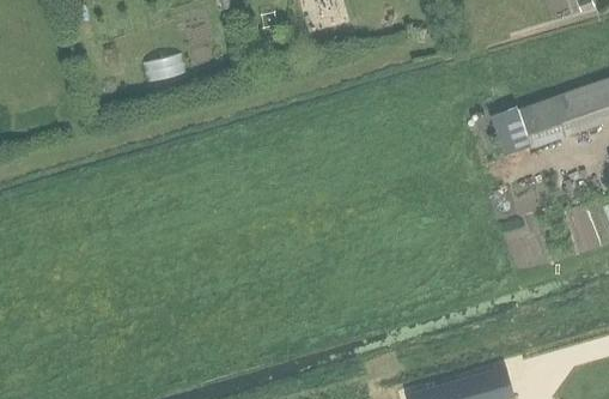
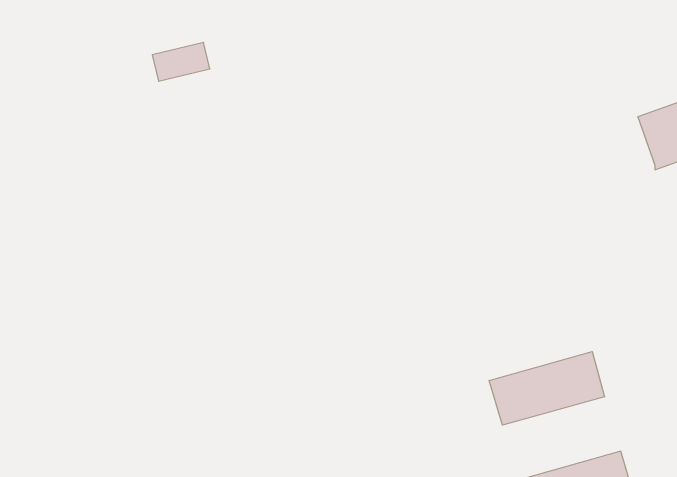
building: [491,105,531,155] -> none
building: none -> [489,352,604,425]

